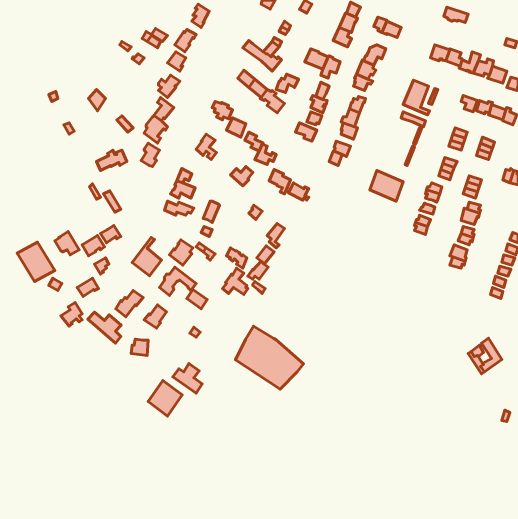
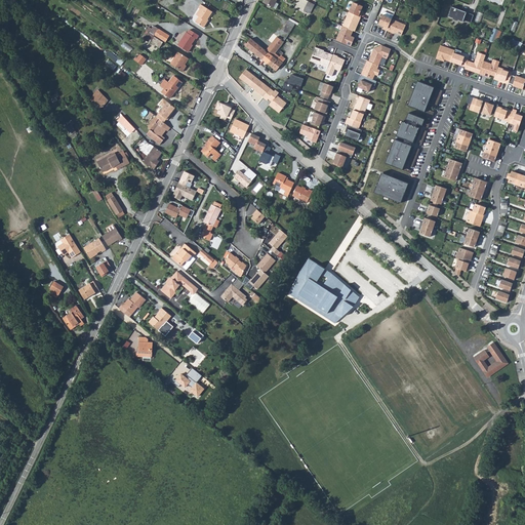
building: none -> [383,121,417,173]
building: [132,237,162,276] -> none
building: [17,242,55,282] -> none
building: [88,312,121,343] -> none
building: [235,326,303,389] -> [289,259,358,323]
building: [148,380,182,416] -> none

